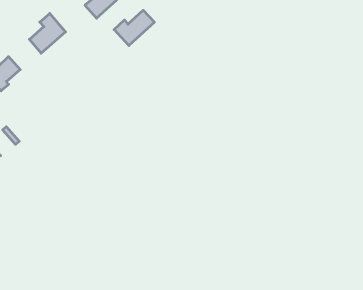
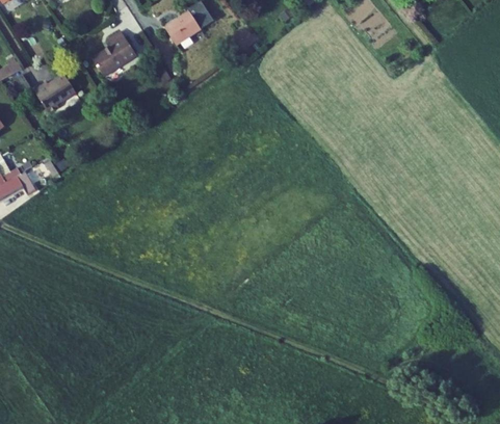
building: [114,10,154,46] -> none

